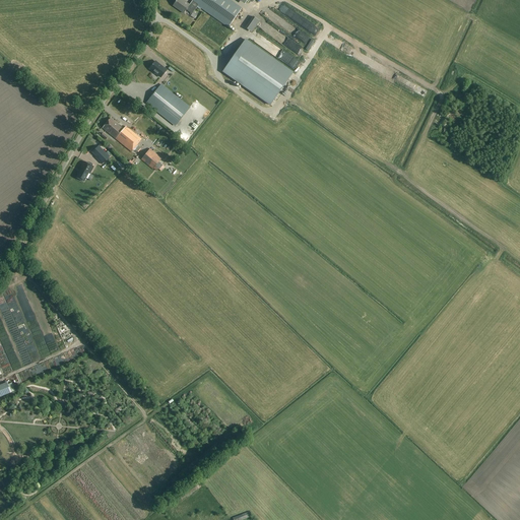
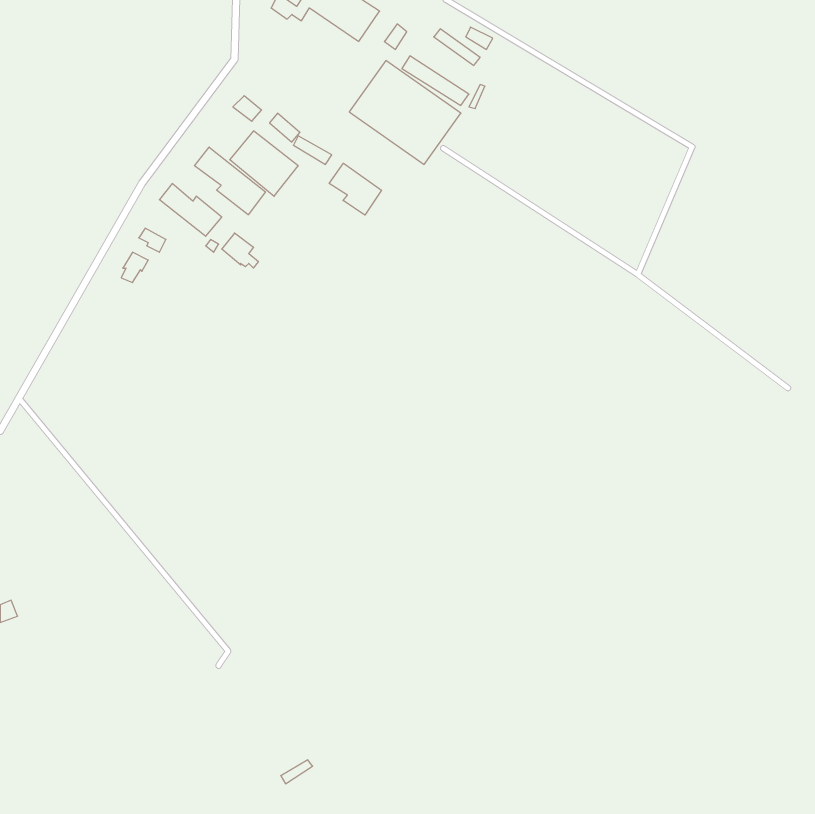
building: none -> [195,147,265,215]
building: none -> [329,163,382,215]

